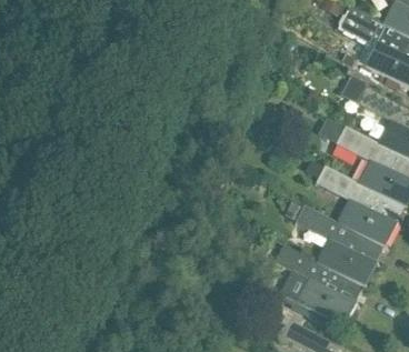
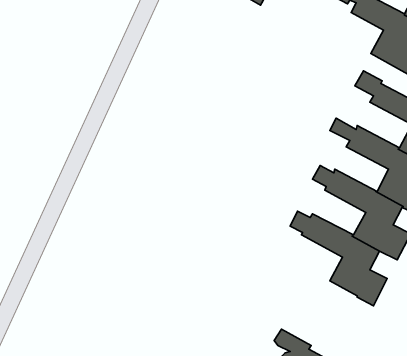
building: [266,242,353,328] -> none

